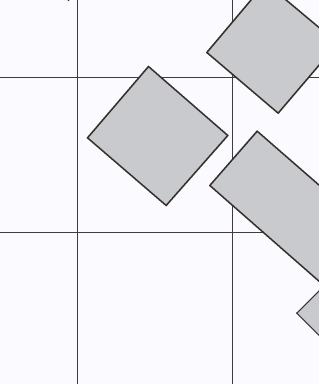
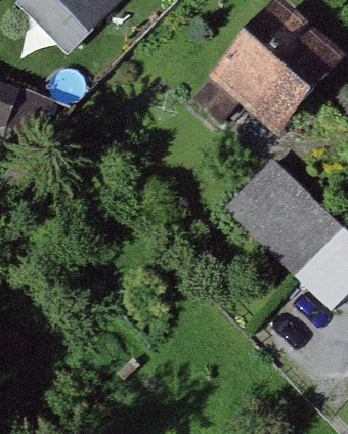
building: [87,67,228,205] -> none

